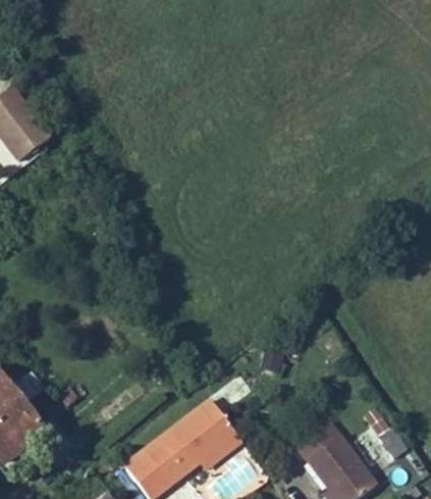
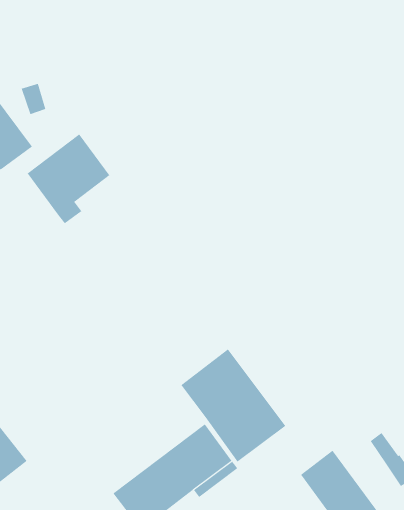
building: none -> [27,134,110,224]
building: none -> [180,349,286,462]

